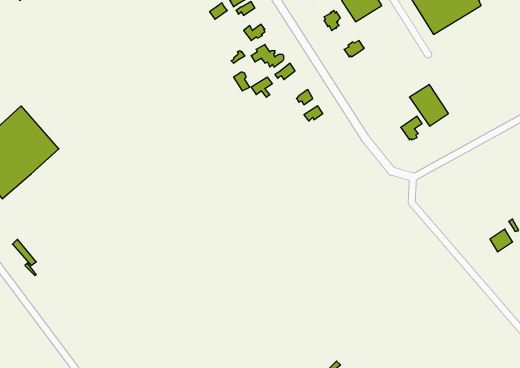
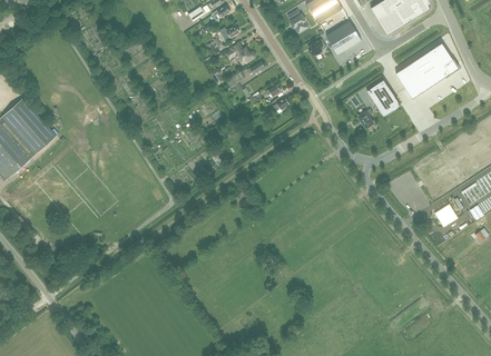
building: none -> [326,21,361,53]
building: none -> [395,42,458,98]

